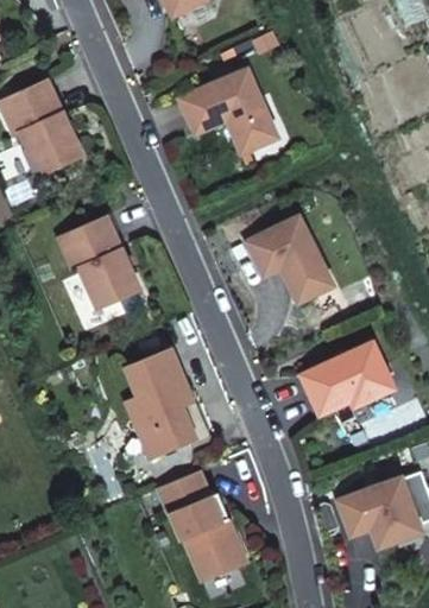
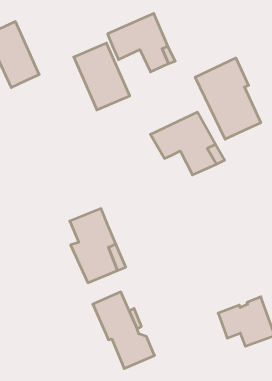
building: none -> [195,58,261,139]
building: [57,216,138,312] -> [74,43,130,110]
building: [299,342,392,416] -> none

